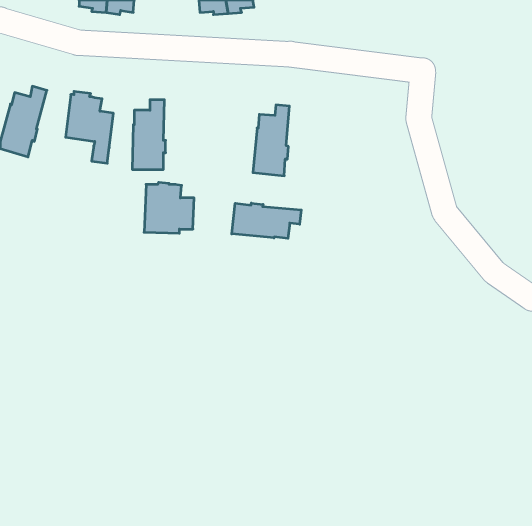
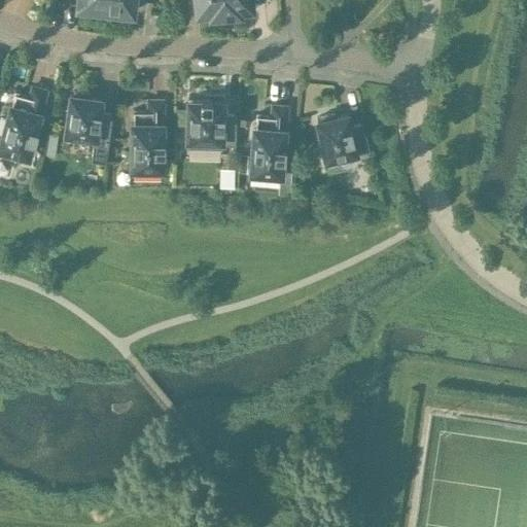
building: none -> [317,117,370,163]
building: [144,182,194,233] -> [186,103,236,153]
building: [232,203,301,238] -> none

